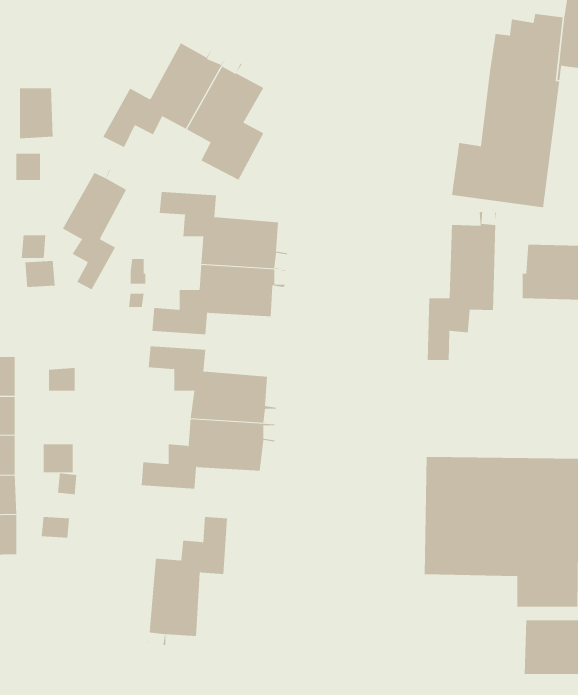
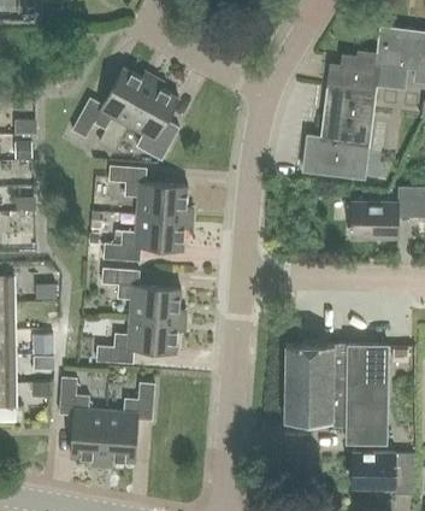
building: [62,164,127,290] -> none
building: [427,211,496,361] -> none
building: none -> [59,378,106,468]

